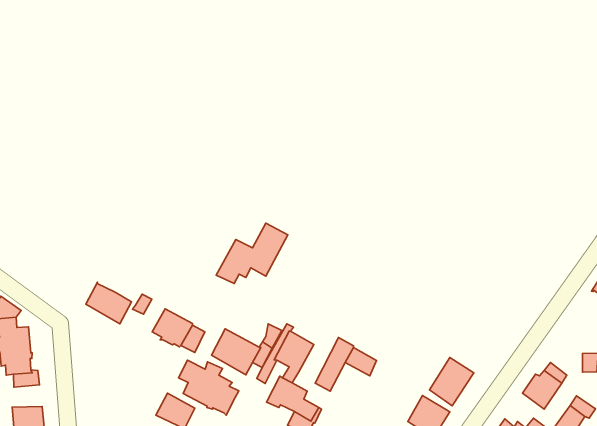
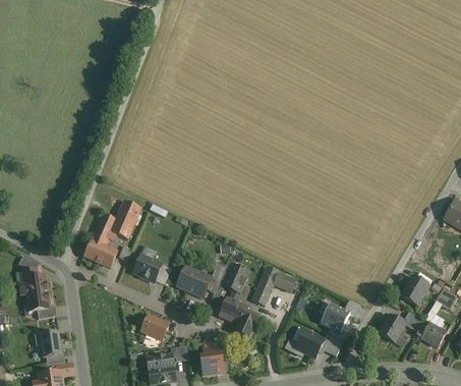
building: [216,223,288,284] -> [92,201,140,245]
building: [430,358,474,406] -> none
building: [179,360,239,415] -> none

